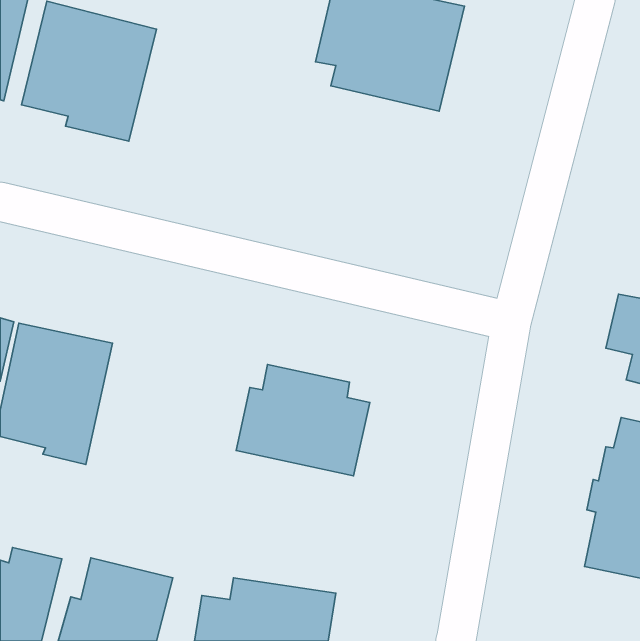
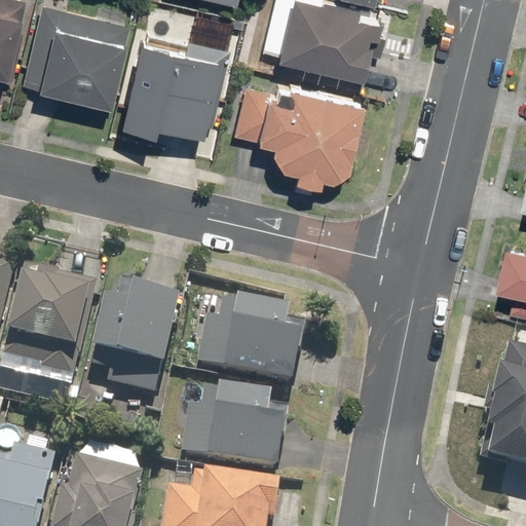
building: none -> [117,38,231,139]
building: none -> [233,82,362,186]
building: none -> [86,286,177,394]
building: none -> [181,387,287,474]

